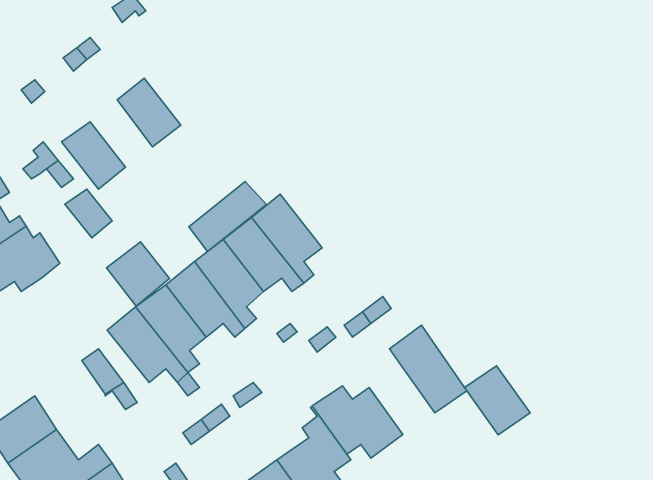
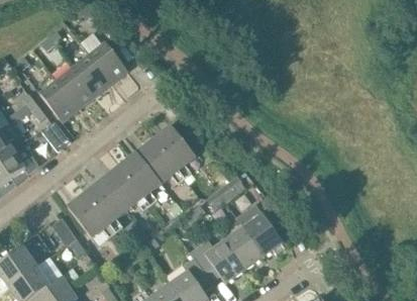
building: none -> [89,42,127,83]
building: none -> [57,68,94,108]
building: [189,182,266,251] -> none
building: [106,242,170,306] -> none
building: [465,366,530,435] -> [224,227,264,269]

